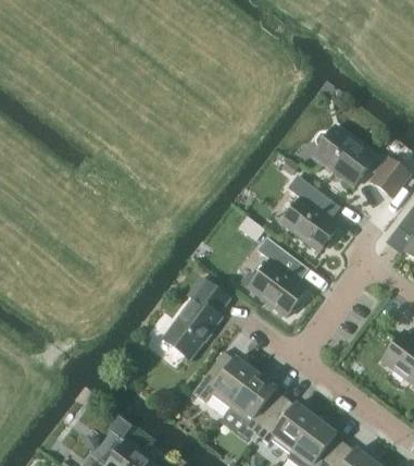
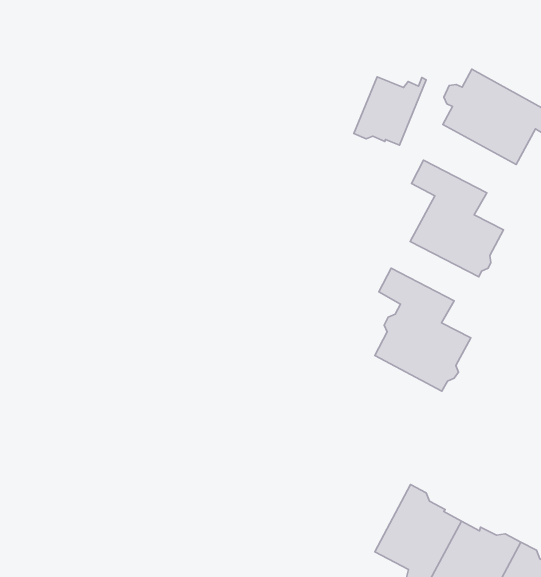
building: none -> [354,77,426,145]
building: [163,275,229,358] -> none
building: [192,349,258,406] -> none

